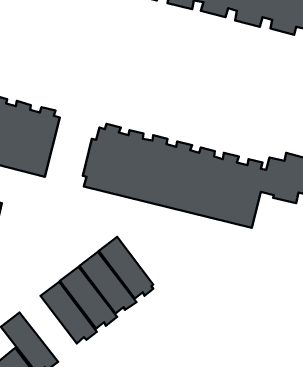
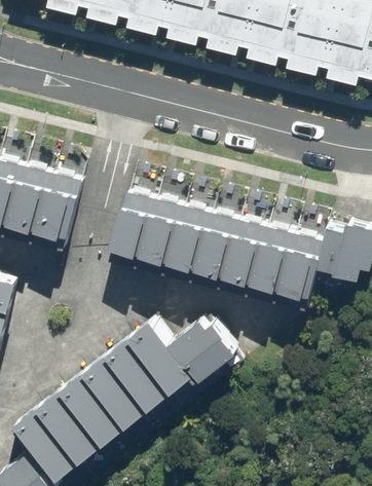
building: none -> [169,314,234,379]
building: none -> [35,388,102,460]

